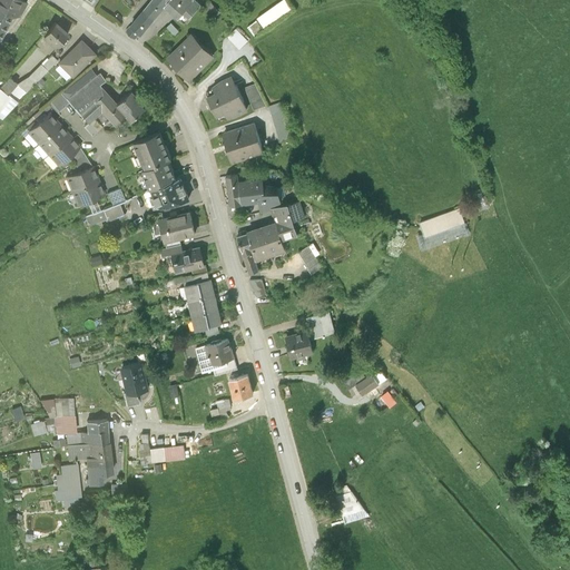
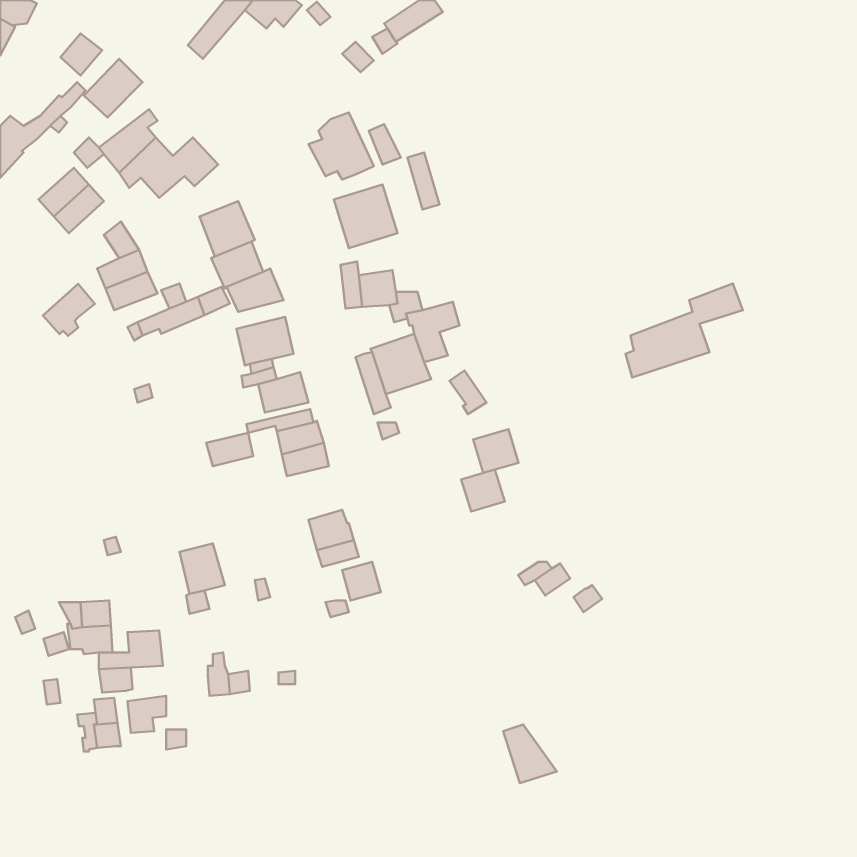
building: [166,32,215,81] -> none
building: [46,134,80,168] -> [43,284,95,336]
building: [190,309,222,332] -> [206,433,253,466]
building: [284,332,314,361] -> [473,429,518,473]
building: [83,442,110,465] -> none

